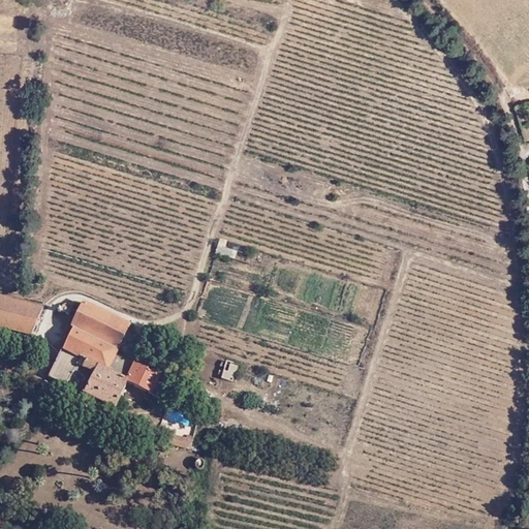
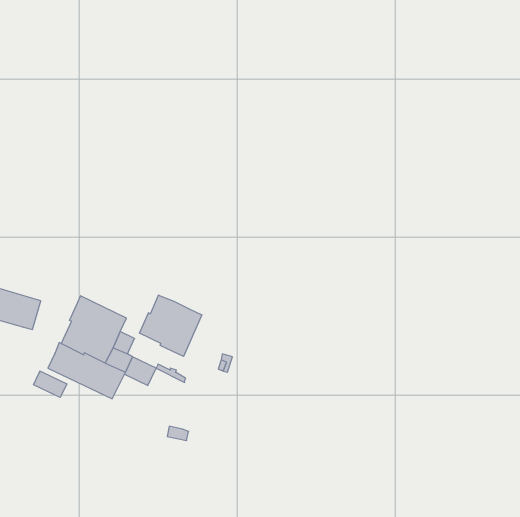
building: none -> [140,295,202,356]
building: none -> [33,371,67,397]

